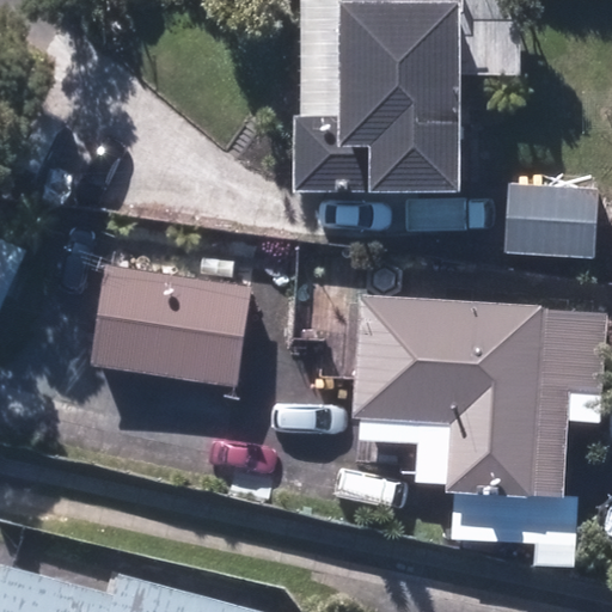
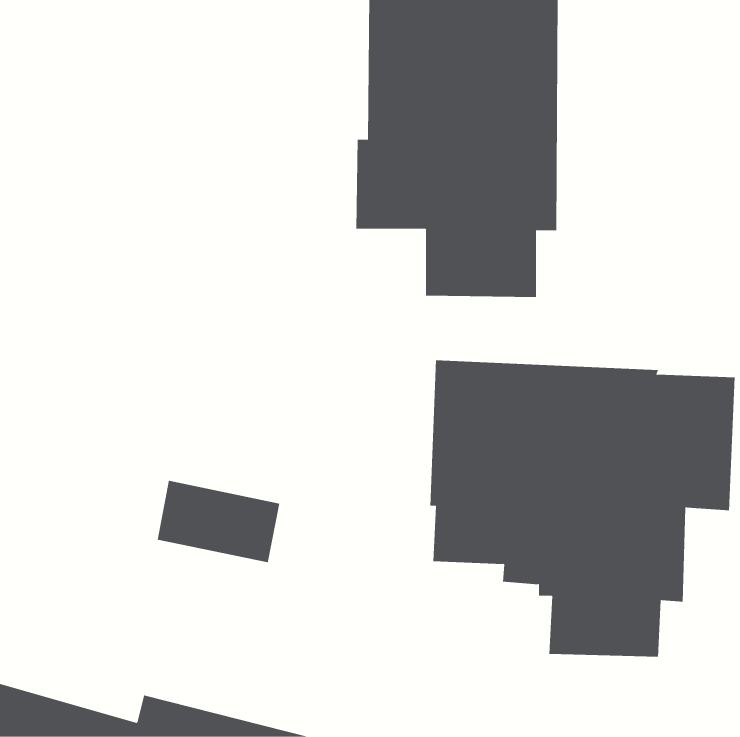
building: [472,183,598,258] -> none
building: [91,265,251,385] -> none

